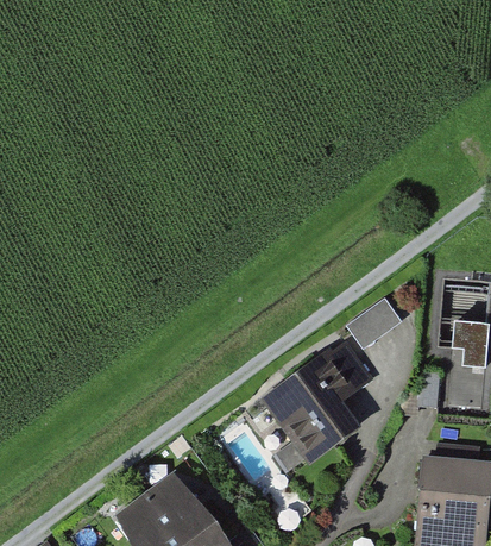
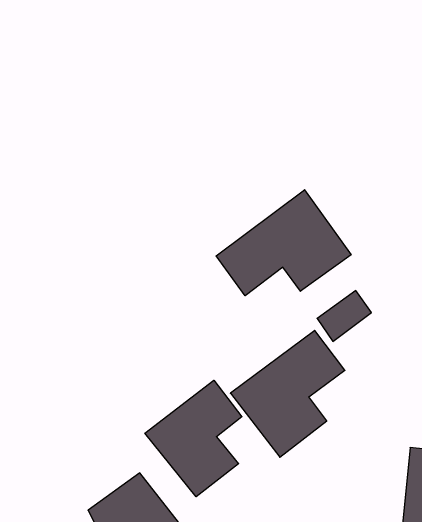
building: none -> [216,190,351,296]
building: none -> [145,380,242,497]

